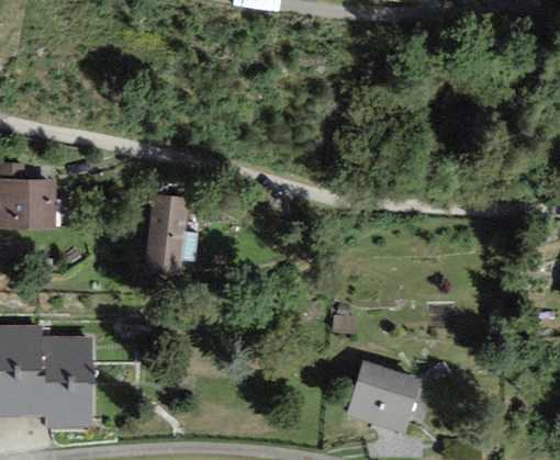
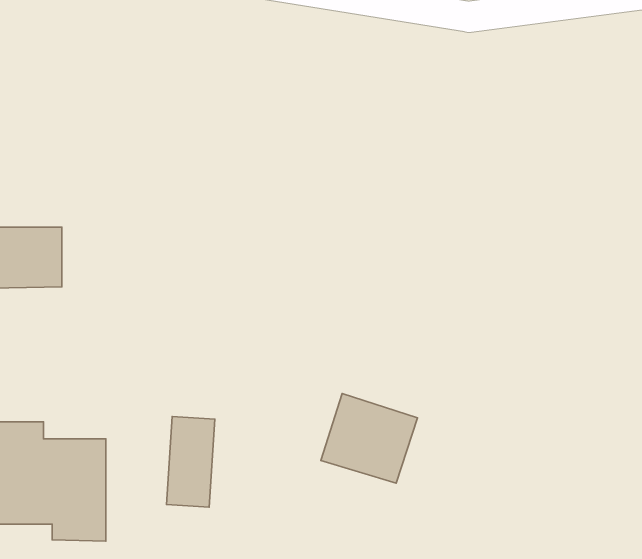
building: [148,197,186,267] -> [167,416,215,507]
building: [346,360,421,429] -> [321,394,417,483]

